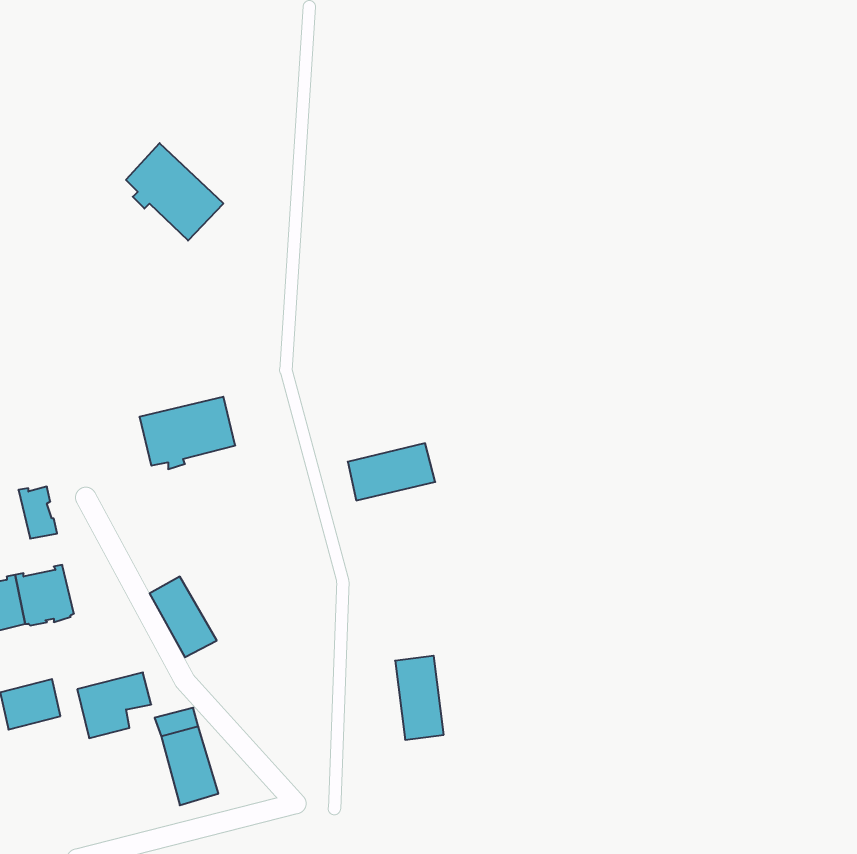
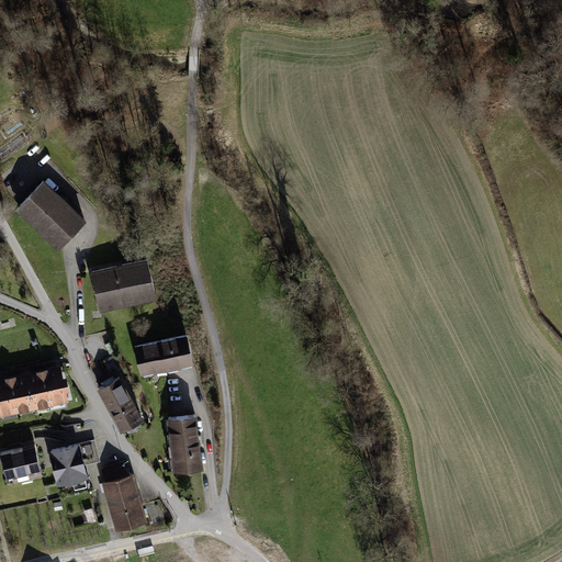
building: [126,143,223,241] -> [20,183,83,247]
building: [348,443,435,500] -> [135,338,192,375]
building: [18,487,57,539] -> [41,370,66,404]
building: [395,656,444,740] -> [168,417,200,472]

